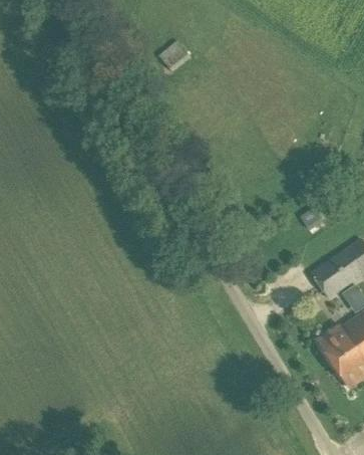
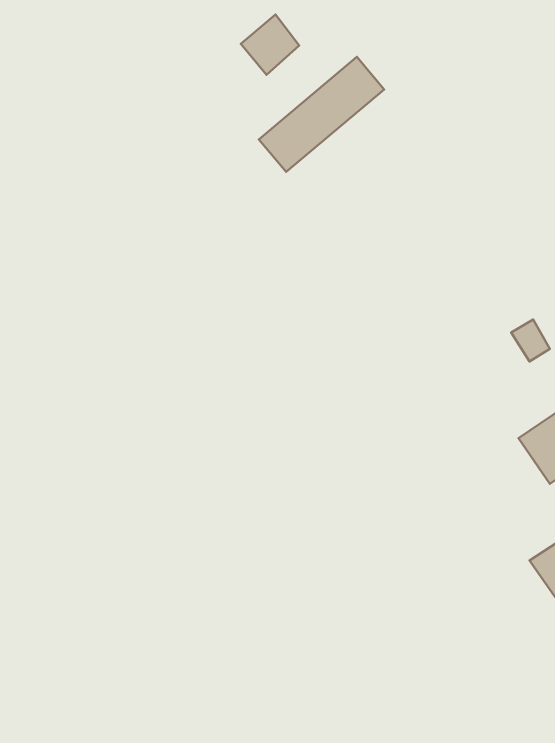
building: none -> [259,57,384,172]

